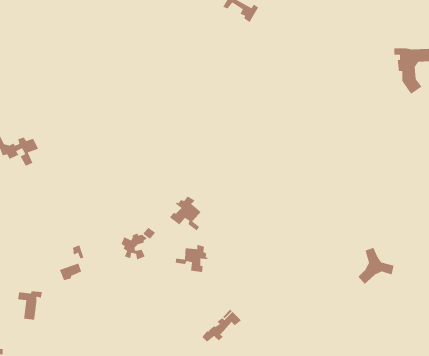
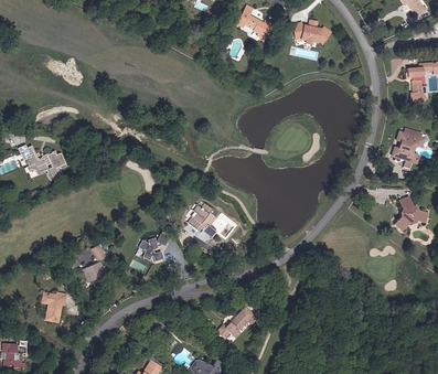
building: none -> [296,23,333,44]
building: none -> [388,129,419,160]
building: [175,244,208,273] -> none
building: [358,247,395,285] -> [391,192,426,228]

